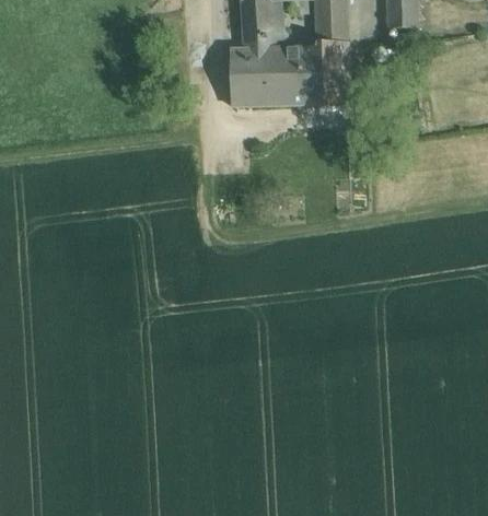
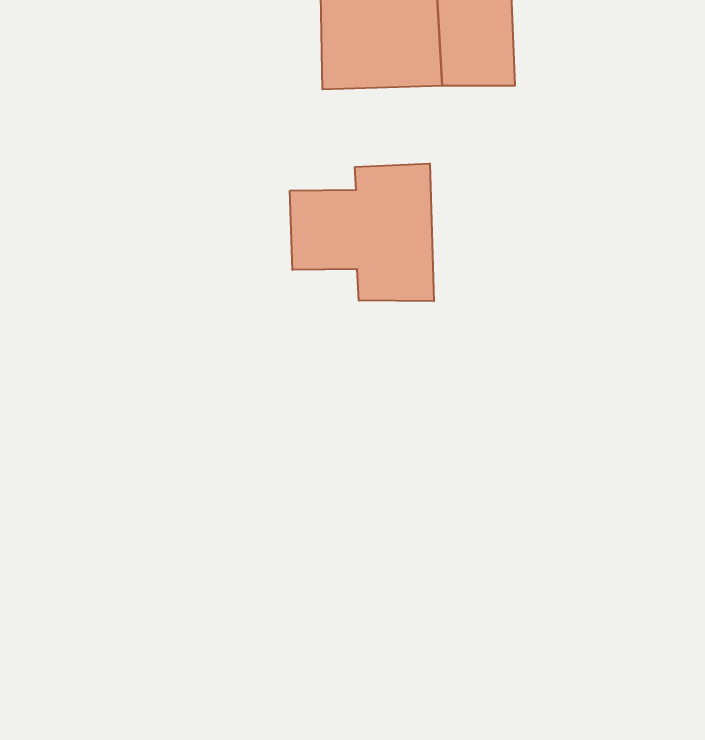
building: none -> [290,163,434,301]

